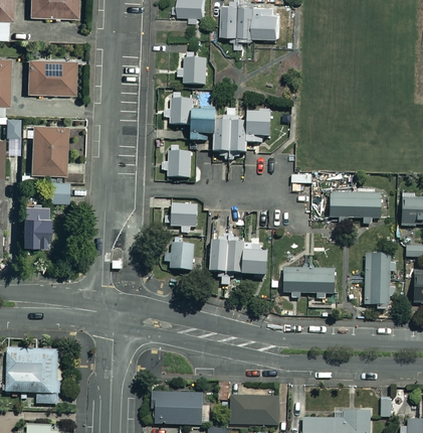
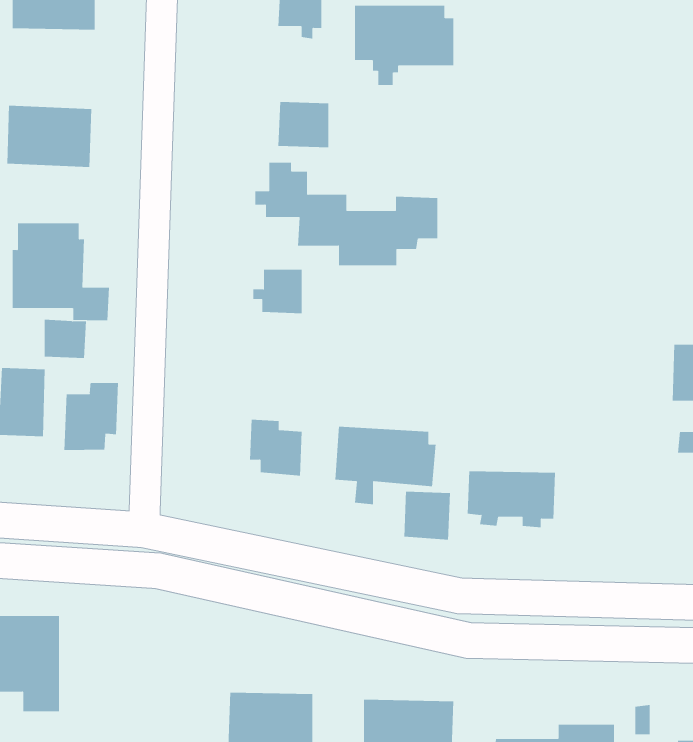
building: [331,192,383,226] -> none
building: [173,203,200,233] -> none
building: none -> [64,382,119,451]
building: [364,251,396,304] -> none
building: none -> [404,491,450,540]

